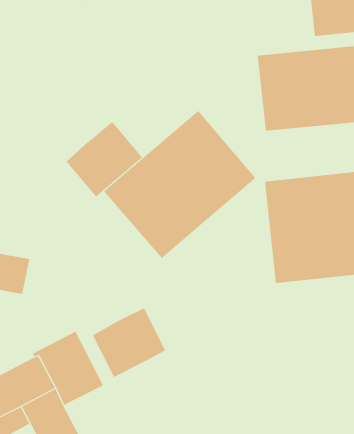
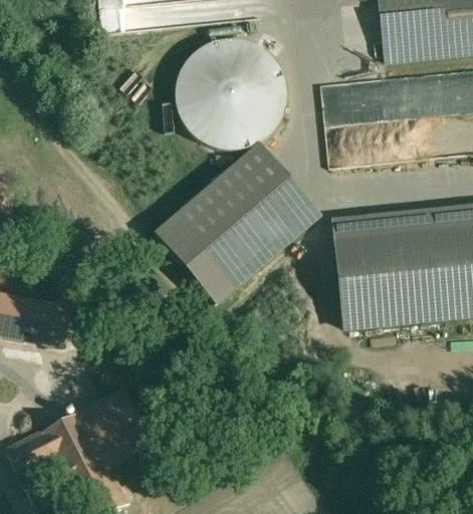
building: none -> [174,39,285,150]
building: [66,121,142,197] -> none
building: [92,308,166,378] -> none

